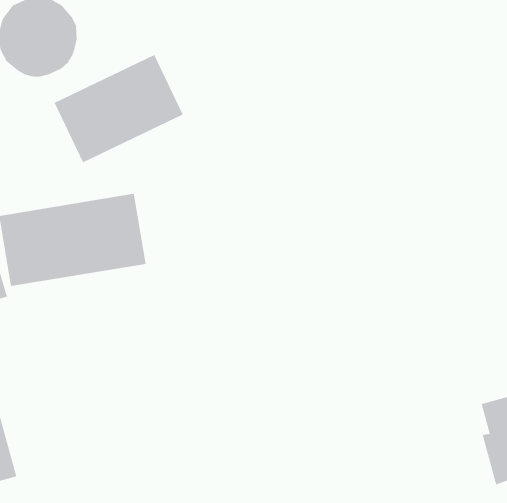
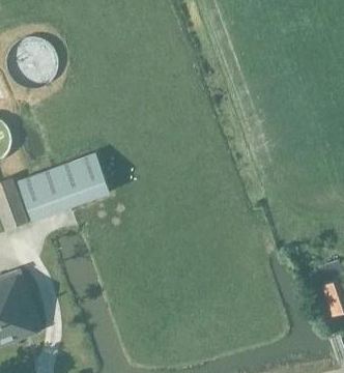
building: [54,54,184,163] -> none

